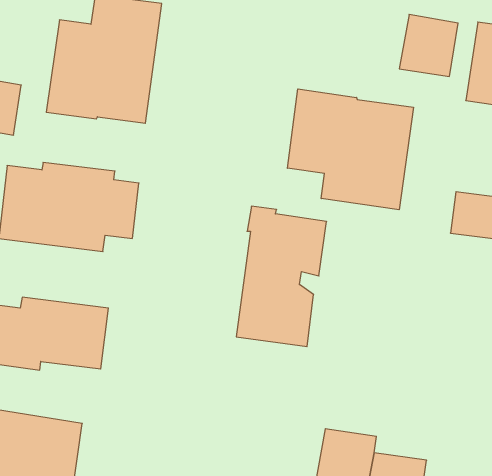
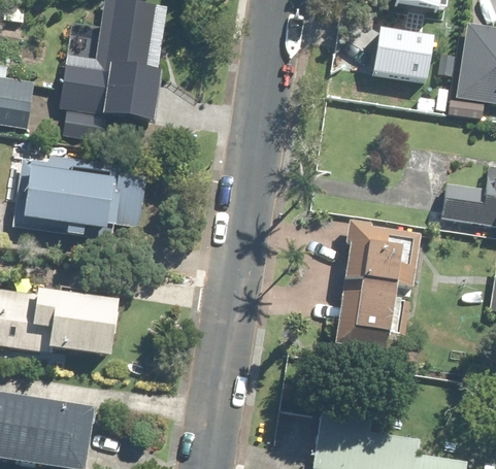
building: [287,89,413,210] -> none
building: [236,206,327,347] -> [334,219,420,351]

